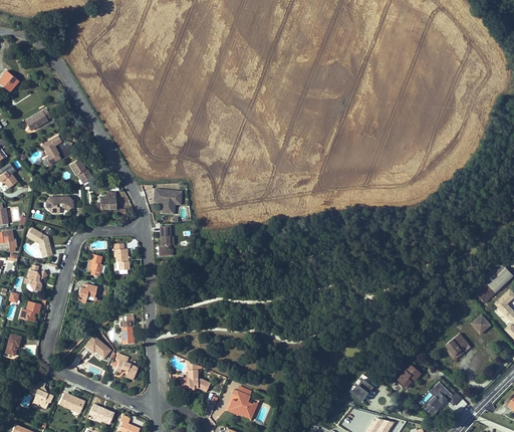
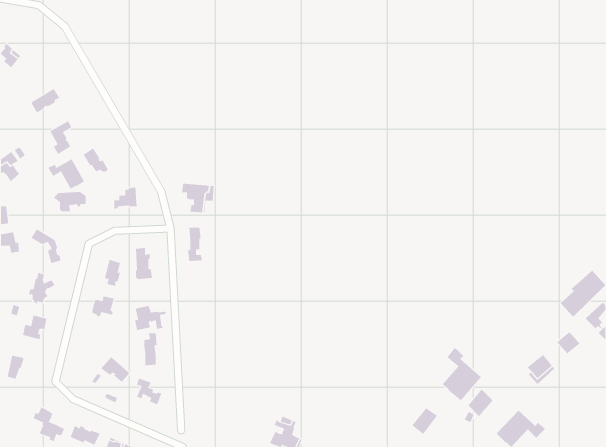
building: none -> [48,159,85,190]
building: none -> [135,305,166,331]
building: none -> [442,347,482,401]
building: [184,361,210,392] -> none

